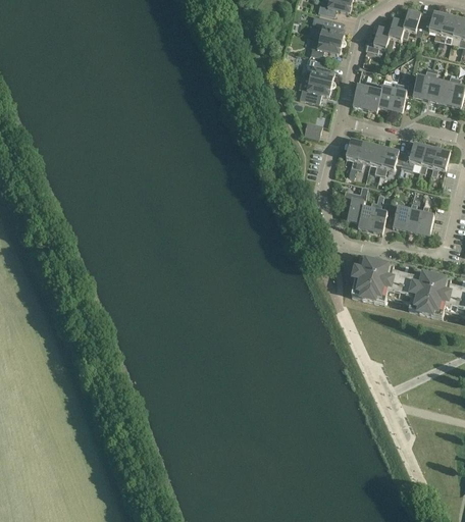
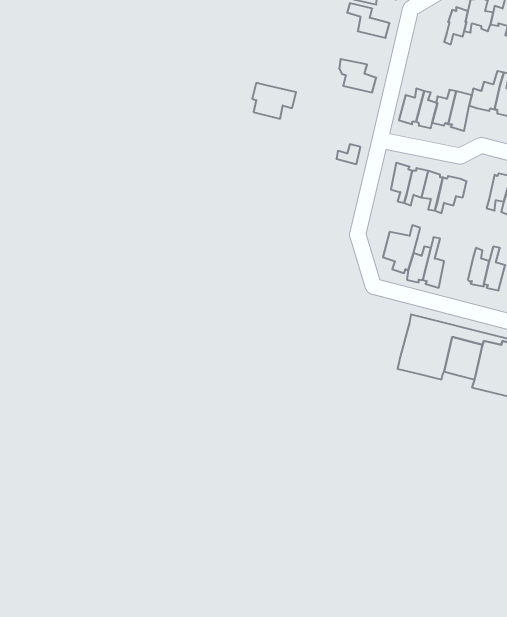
building: [367,27,392,52] -> none
building: [311,34,343,56] -> none
building: [299,75,332,103] -> [252,83,296,119]
building: [401,141,427,169] -> none
building: [387,198,410,229] -> none

